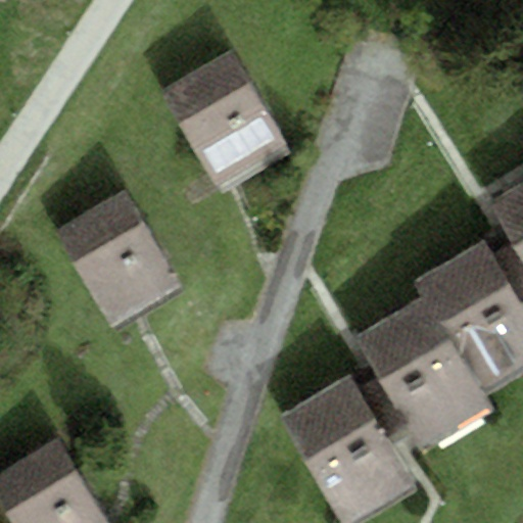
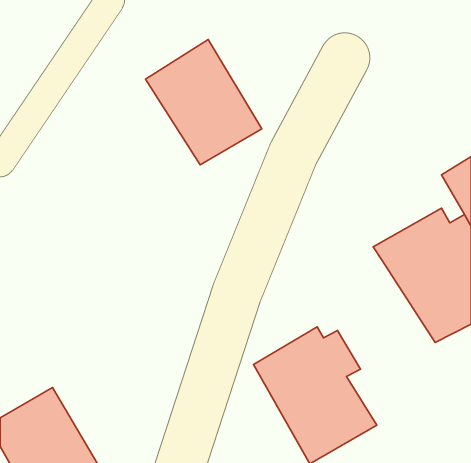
building: [56,189,182,328] -> none
building: [352,296,493,454] -> none

